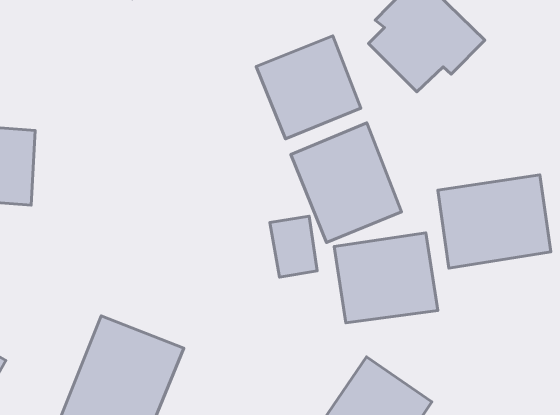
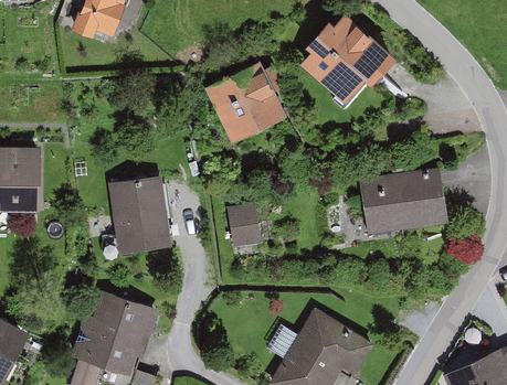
building: [291,123,401,243] -> none
building: none -> [112,175,176,258]
building: [334,233,438,323] -> none

